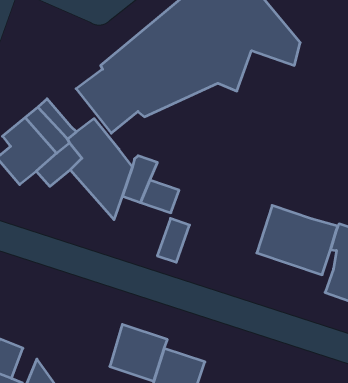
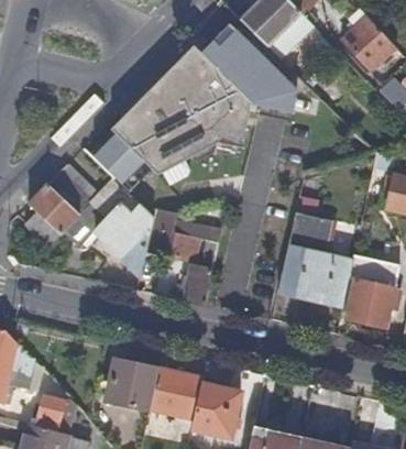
building: none -> [287,220,330,252]
building: none -> [105,360,157,412]

